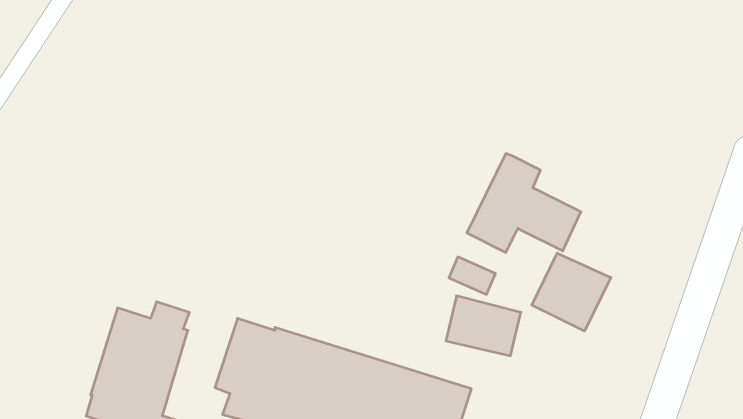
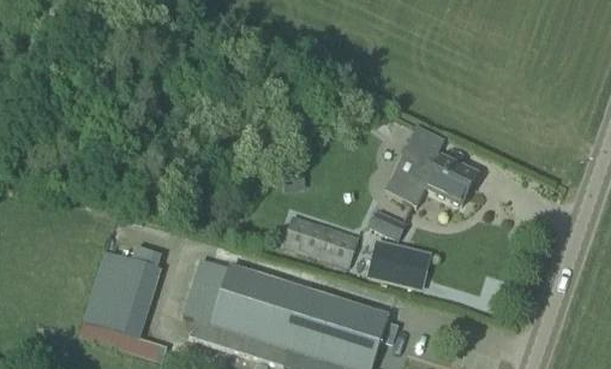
building: [532,253,611,331] -> none
building: none -> [282,213,360,266]

